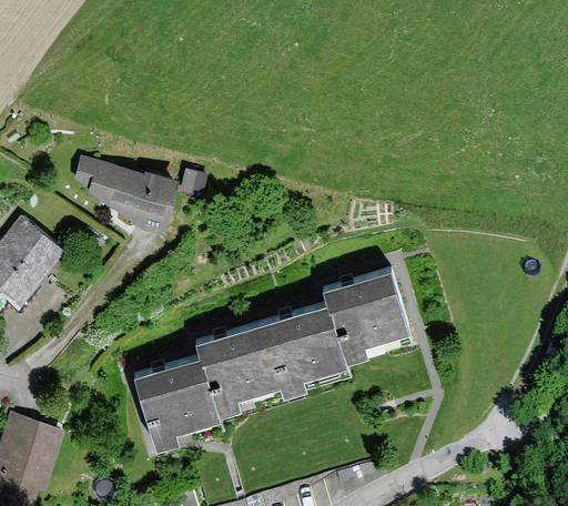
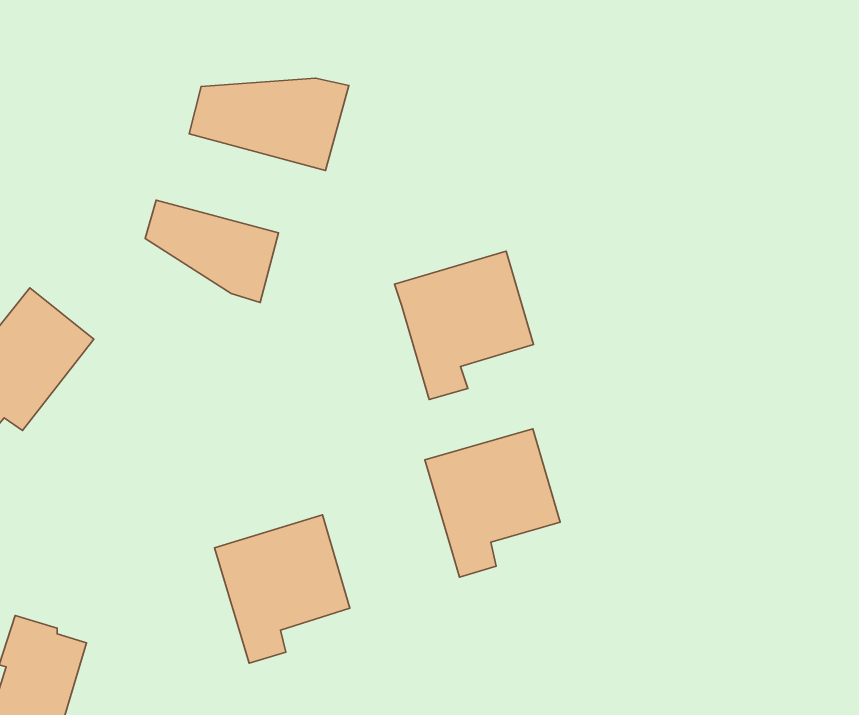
building: none -> [189,78,349,171]
building: [324,273,408,363] -> [395,251,534,400]
building: [196,325,280,415] -> none

